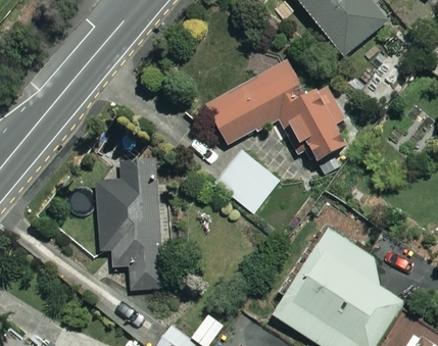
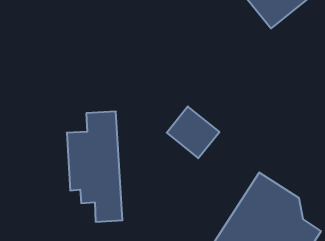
building: [206,60,359,164] -> none

